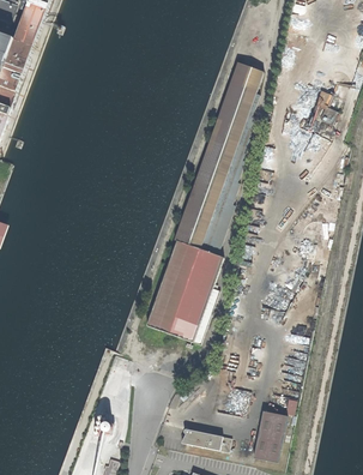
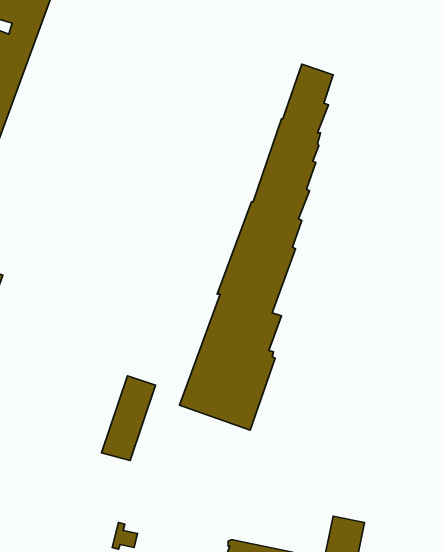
building: none -> [102,376,155,461]

